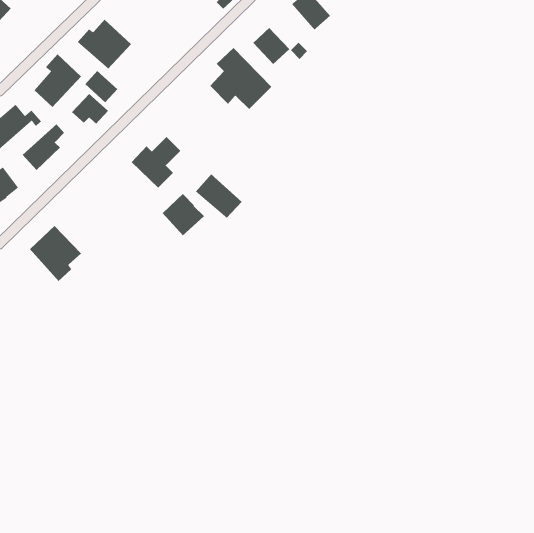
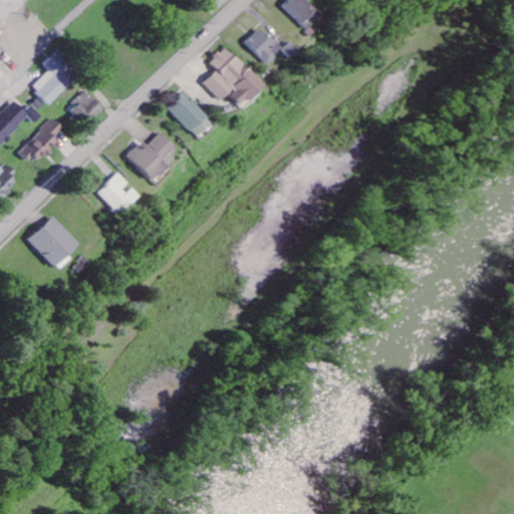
building: [77,19,132,70] -> none
building: [85,70,118,103] -> none
building: [195,174,242,219] -> [166,92,211,136]
building: [162,193,205,236] -> [96,173,138,214]

